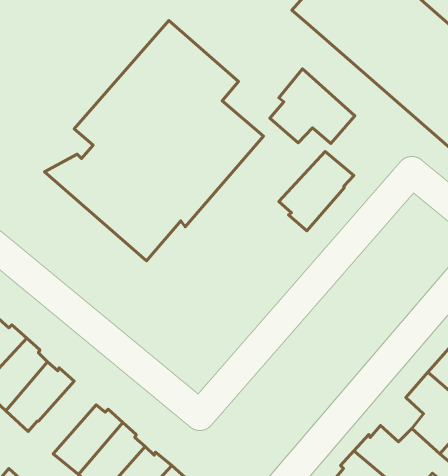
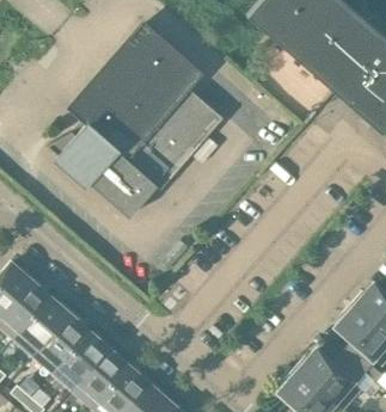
building: [270,69,355,143] -> none
building: [279,151,354,231] -> none
building: none -> [32,314,87,373]

